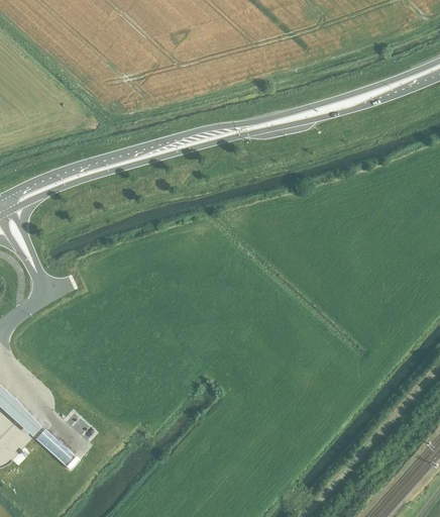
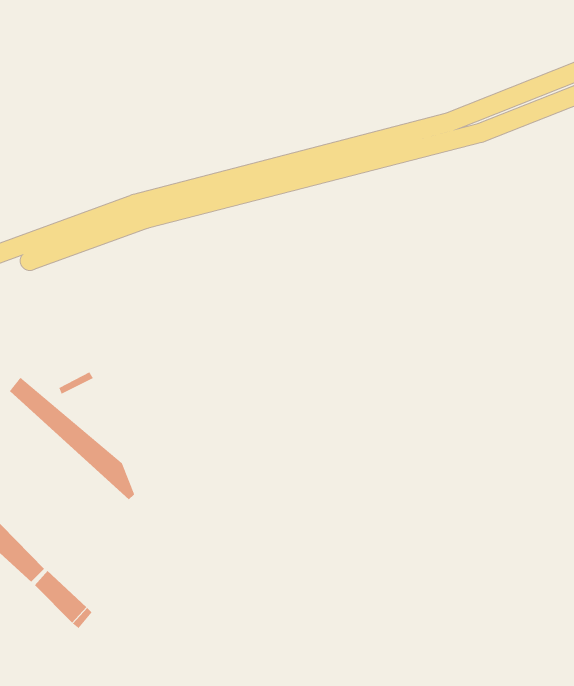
building: none -> [9,377,135,500]

